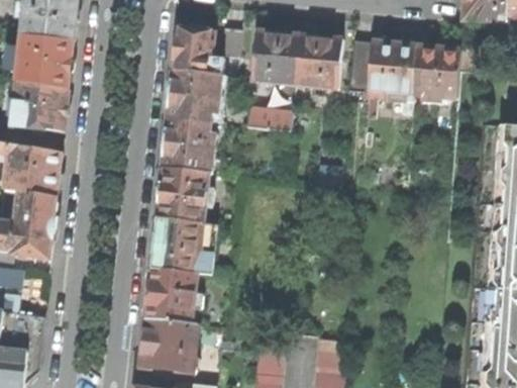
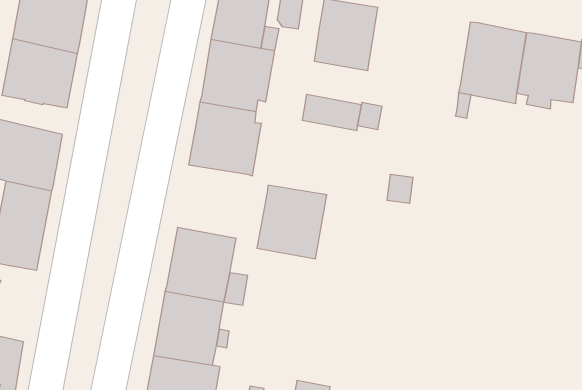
building: [295,35,341,89] -> none
building: [347,40,372,91] -> none
building: [156,169,207,223] -> [257,185,327,259]

